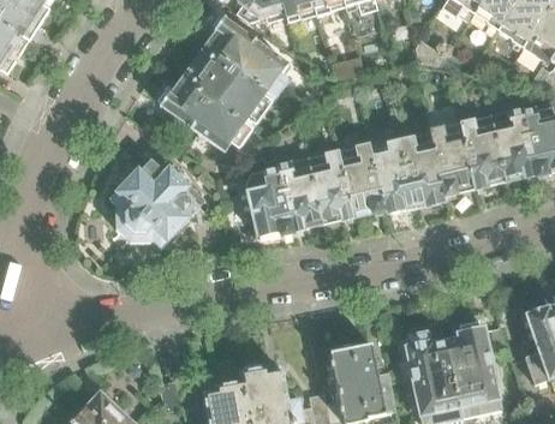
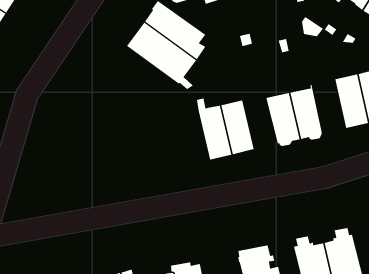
building: [160,78,252,151] -> none
building: [430,123,475,196] -> none
building: [338,144,383,216] -> none
building: [117,159,199,243] -> none
building: [243,165,293,239] -> none

